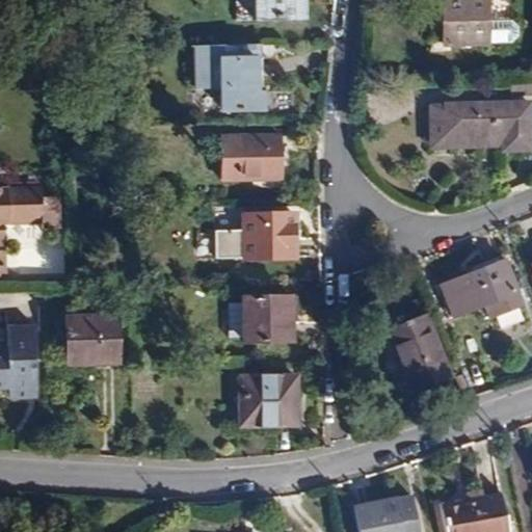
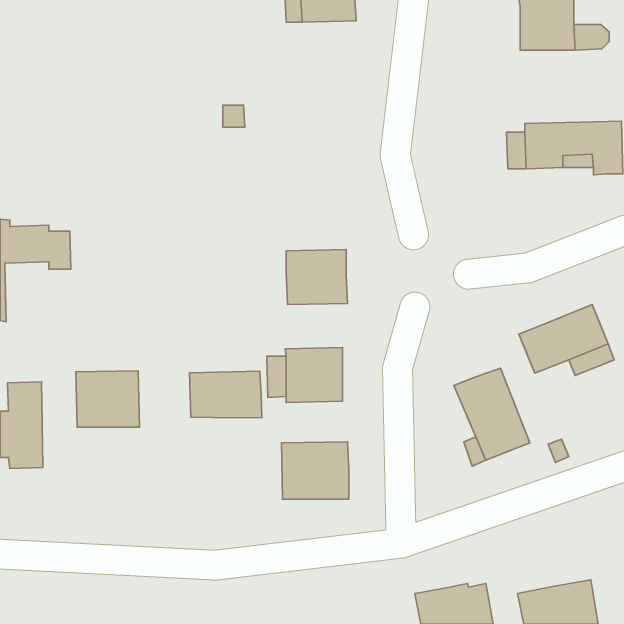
building: [197,43,263,110] -> none
building: [220,134,297,180] -> none
building: [215,231,245,260] -> none
building: none -> [190,371,262,418]

